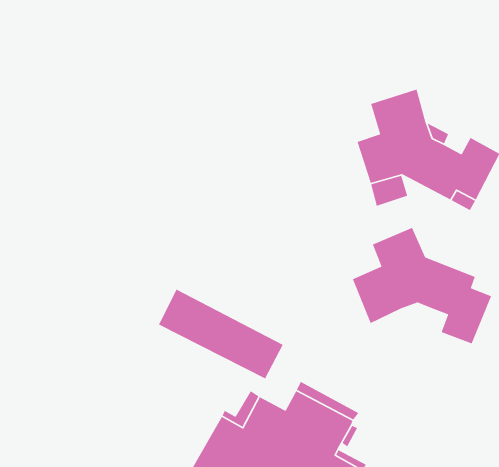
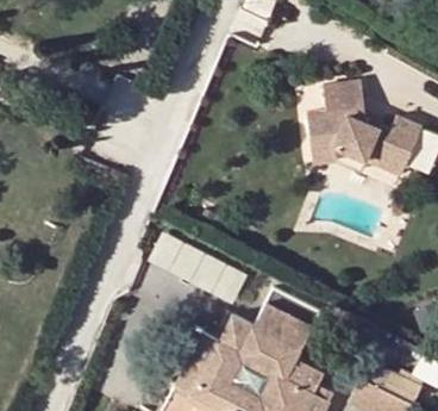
building: [352,227,492,345] -> none

